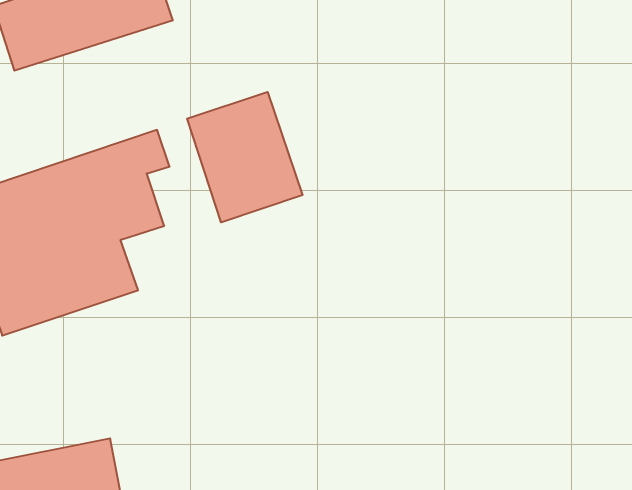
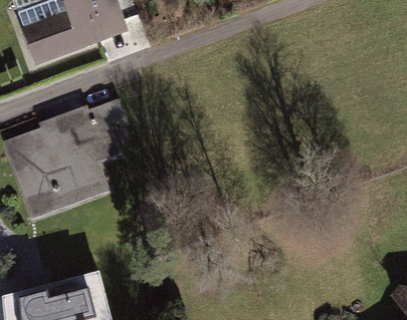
building: [187,92,303,222] -> none

